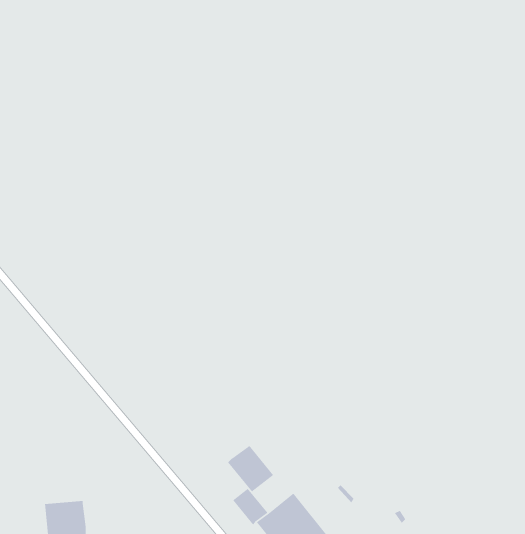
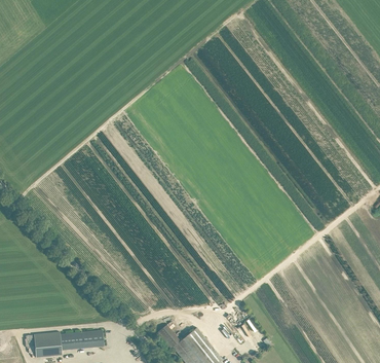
building: [227,445,274,493] -> none
building: none -> [59,330,103,350]

